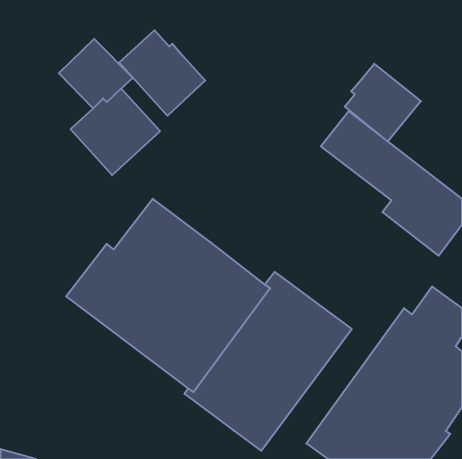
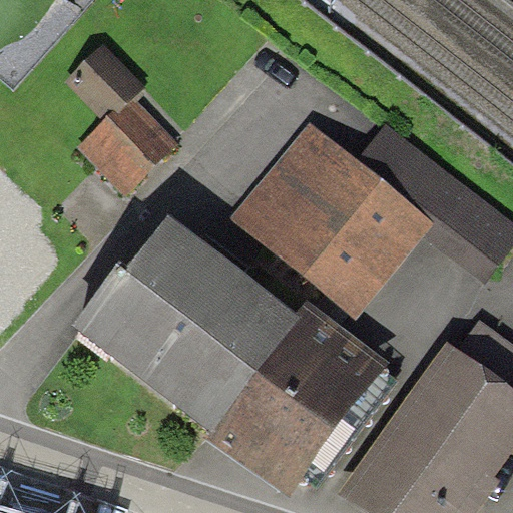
building: [119,30,205,116] -> none
building: [345,64,421,141] -> none
building: none -> [230,122,434,318]

